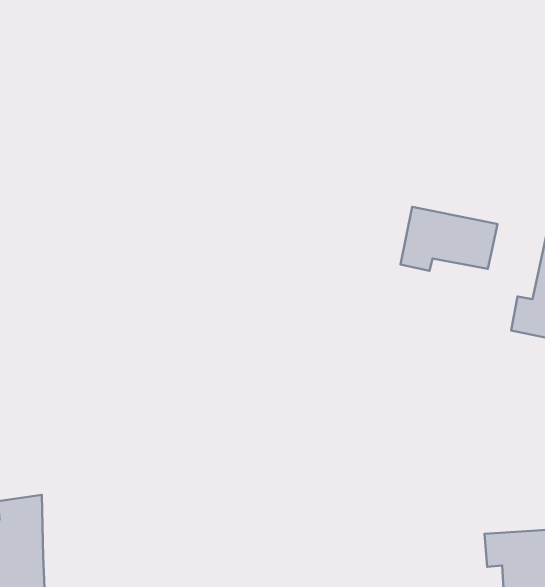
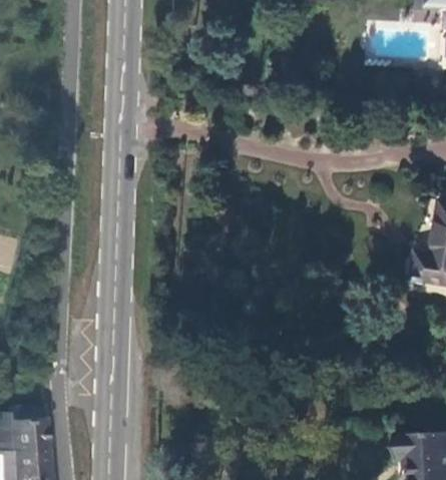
building: [400,207,498,271] -> none

